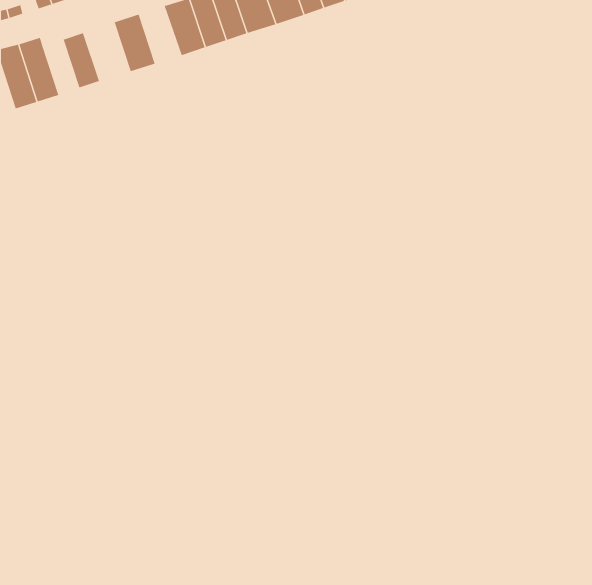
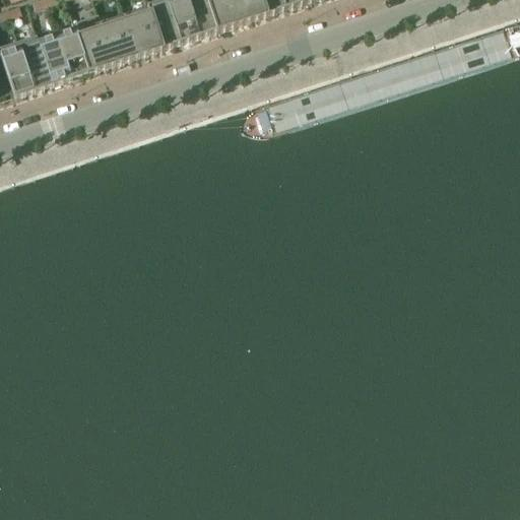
building: none -> [123,5,159,56]
building: none -> [71,12,115,71]
building: none -> [39,35,70,83]

